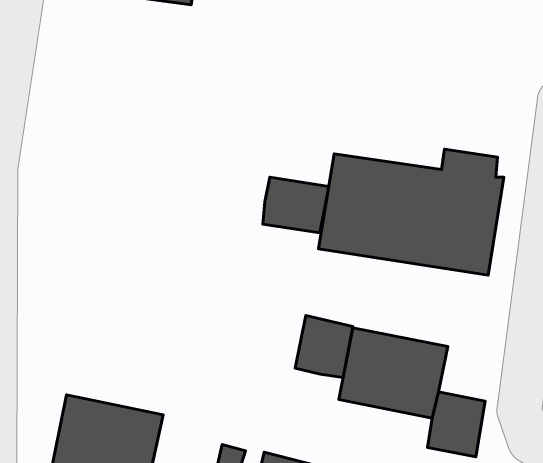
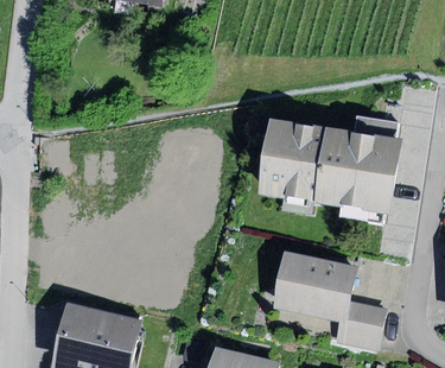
building: [263,177,329,233] -> none
building: [295,316,353,378] -> none

